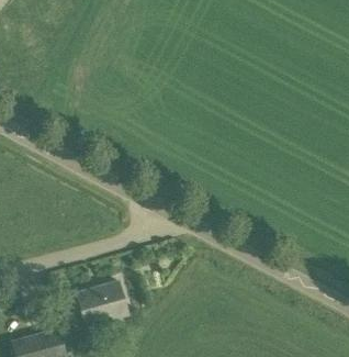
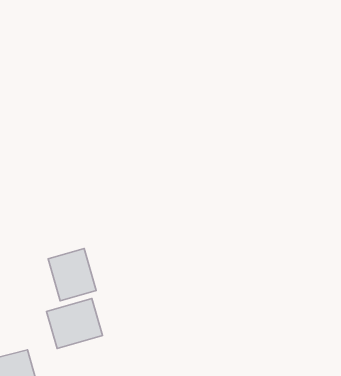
building: none -> [48,248,96,301]

